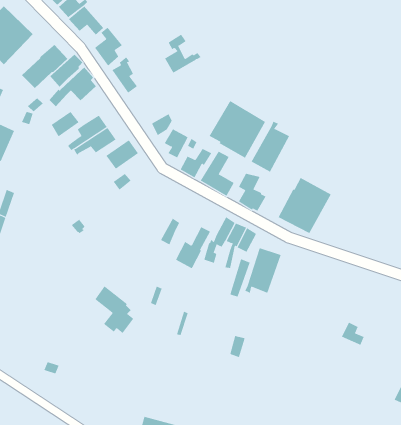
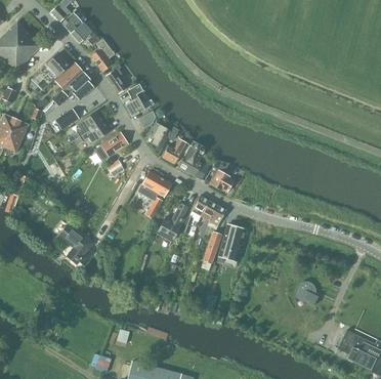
building: [164,34,201,73] -> [124,84,155,117]
building: [209,100,266,158] -> none
building: [251,121,290,172] -> none
building: [278,177,331,234] -> none
building: none -> [141,170,171,197]
building: [94,285,134,334] -> [59,224,92,264]

